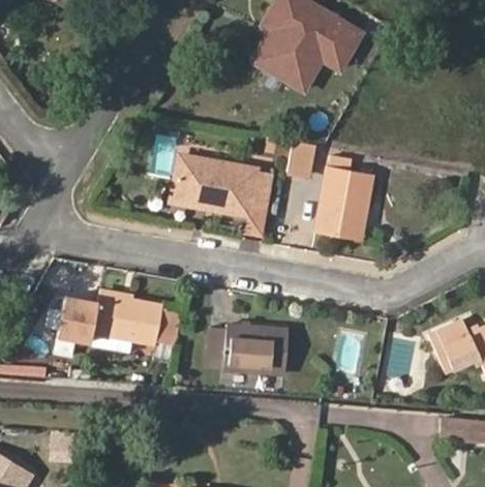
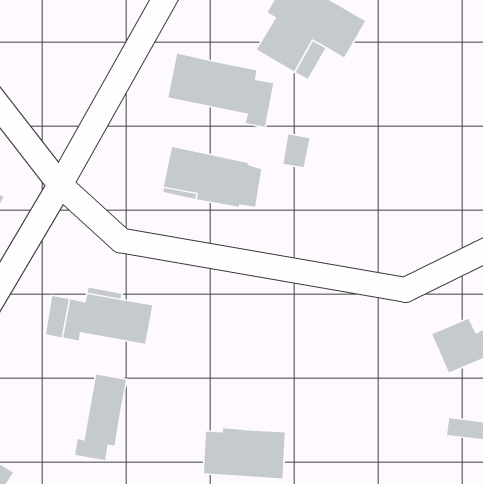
building: none -> [168,53,274,128]
building: [313,171,369,241] -> none
building: [206,326,285,375] -> [203,428,285,479]
building: none -> [74,374,127,461]

